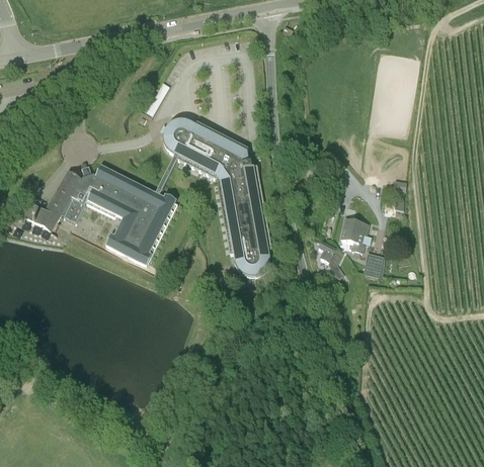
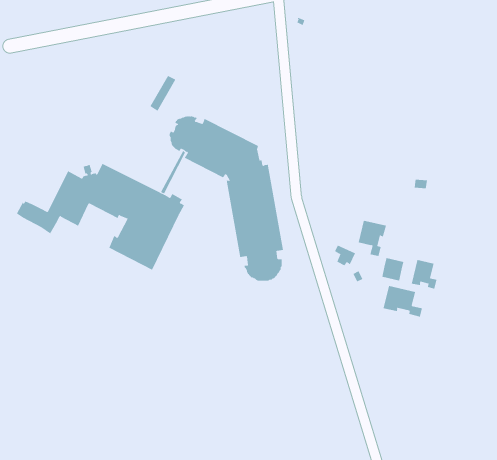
building: none -> [411,259,437,289]
building: none -> [383,285,423,317]

